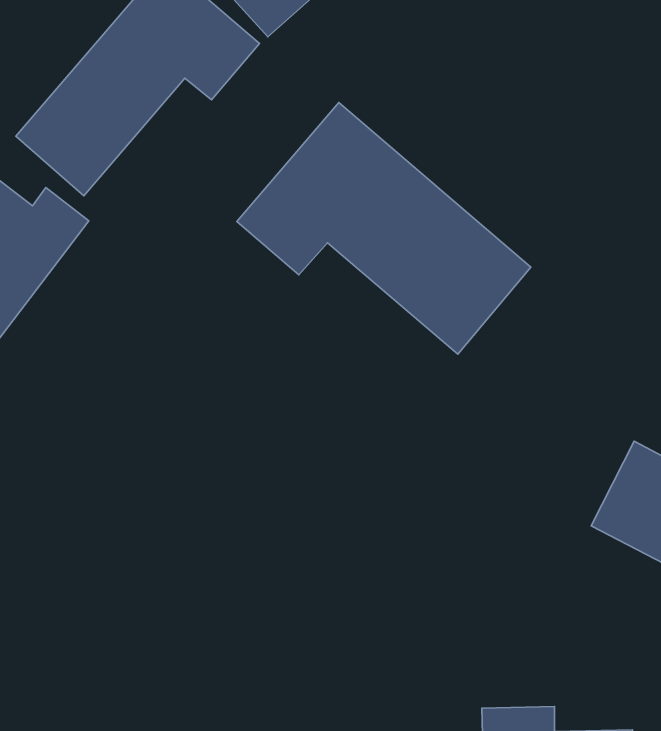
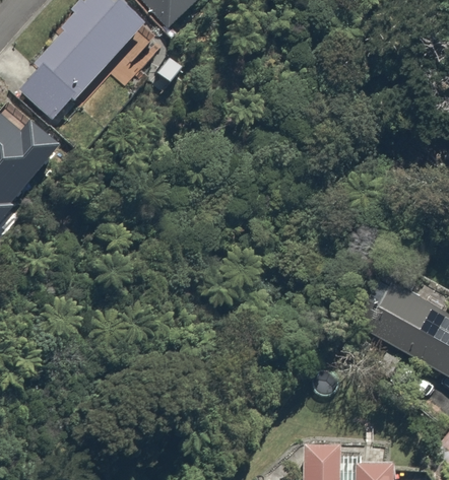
building: [237,102,531,354] -> none

